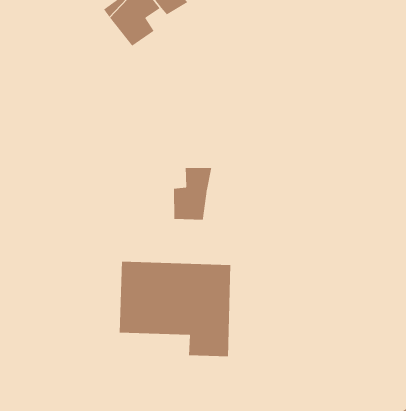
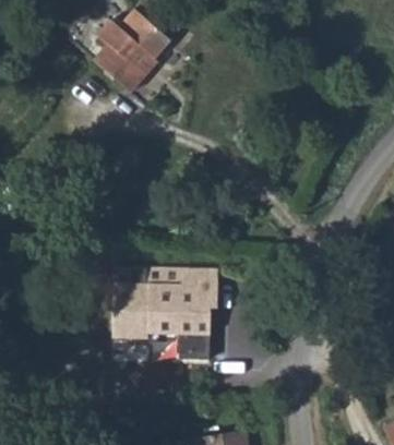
building: [173,167,212,221] -> none

